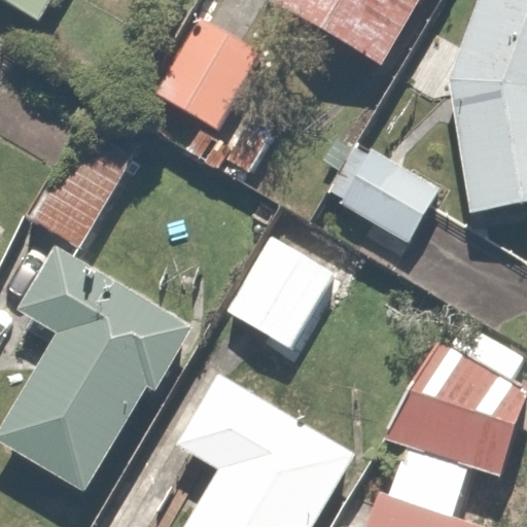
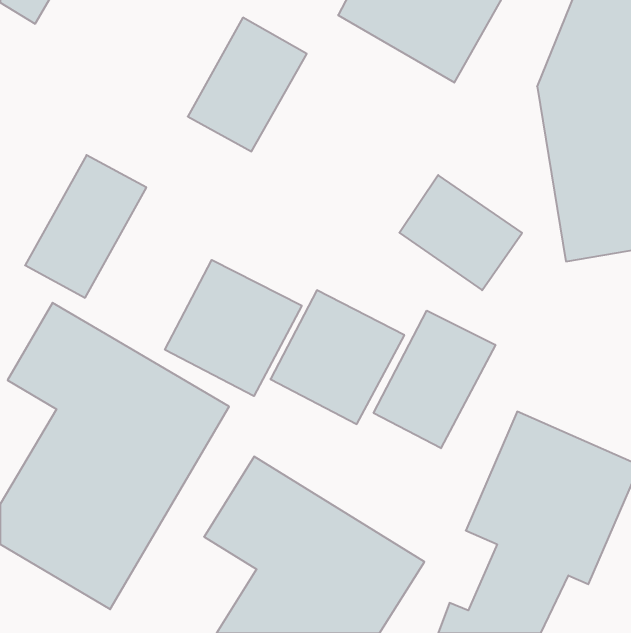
building: none -> [165,260,302,396]
building: none -> [374,311,495,448]

